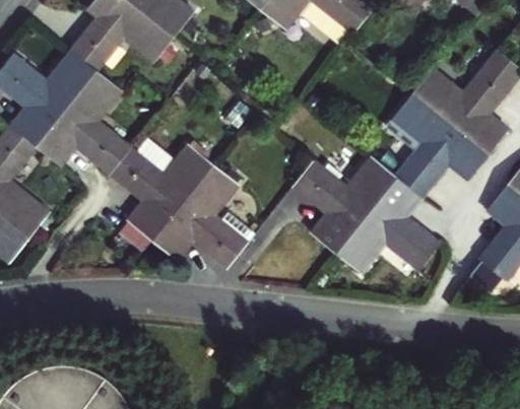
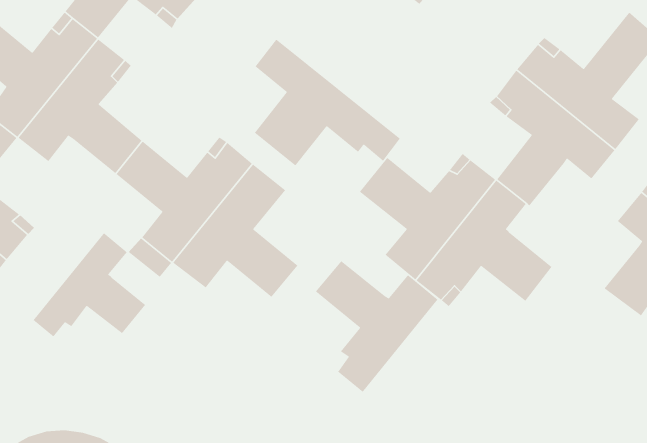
building: none -> [254,39,401,167]
building: none -> [32,232,146,338]
building: none -> [315,260,438,393]

